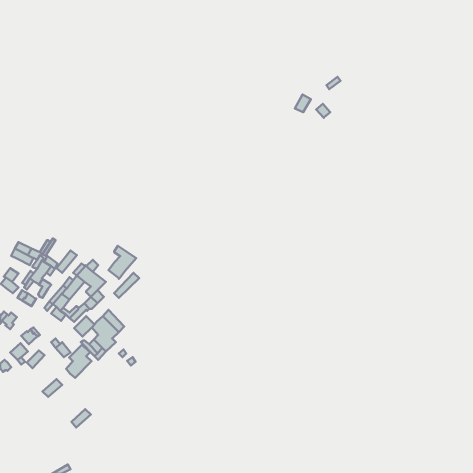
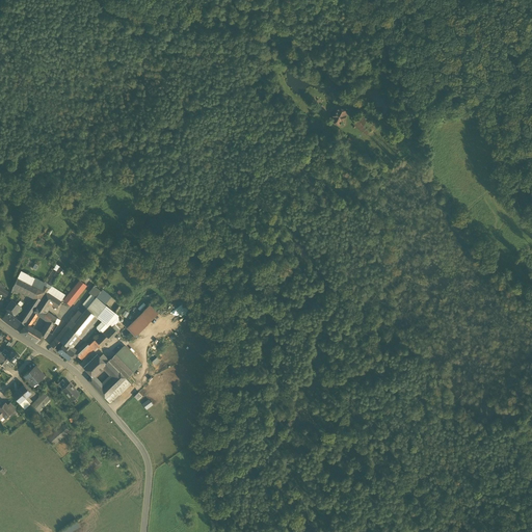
building: [108,246,136,279] -> none
building: [66,345,91,378] -> none

